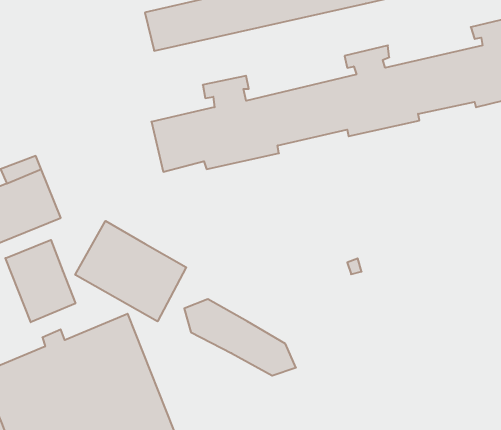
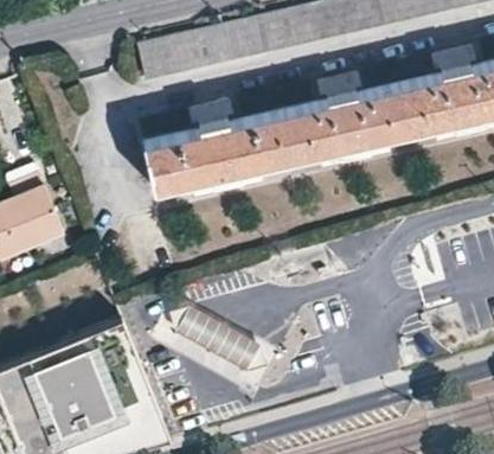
building: [75,221,186,321] -> none
building: [5,240,75,322] -> none

